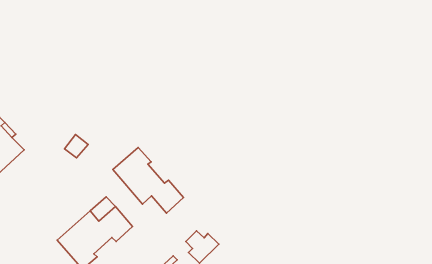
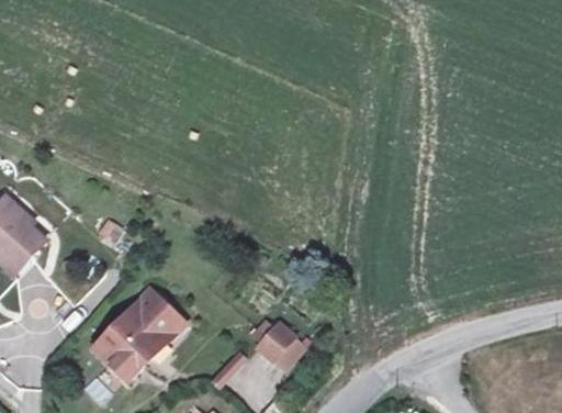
building: [113,147,183,213] -> none

